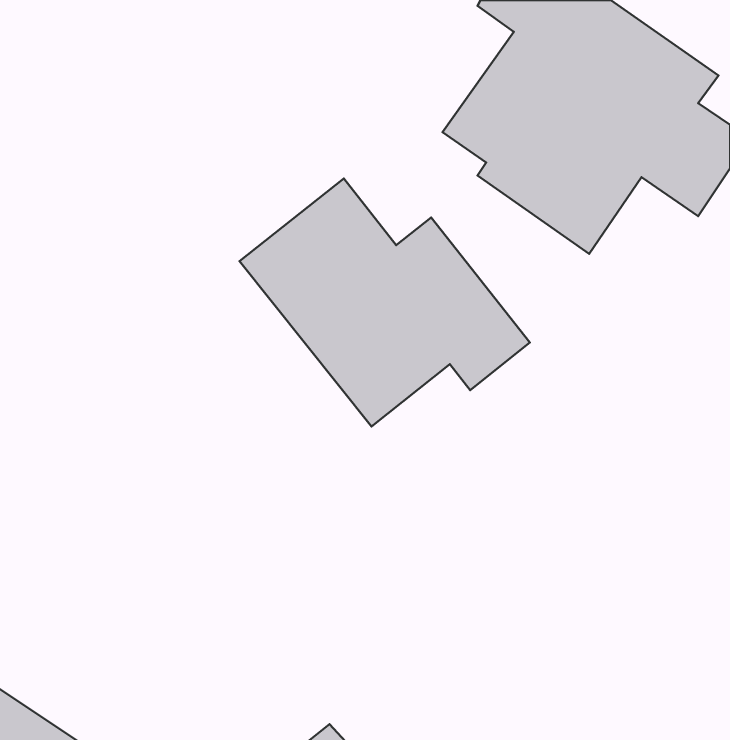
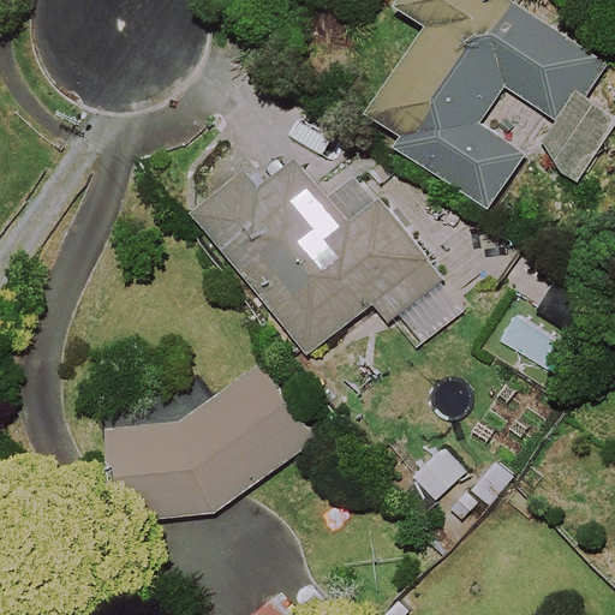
building: none -> [106,360,316,515]

